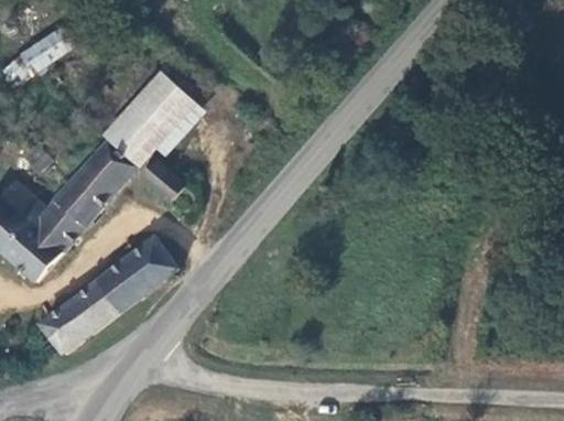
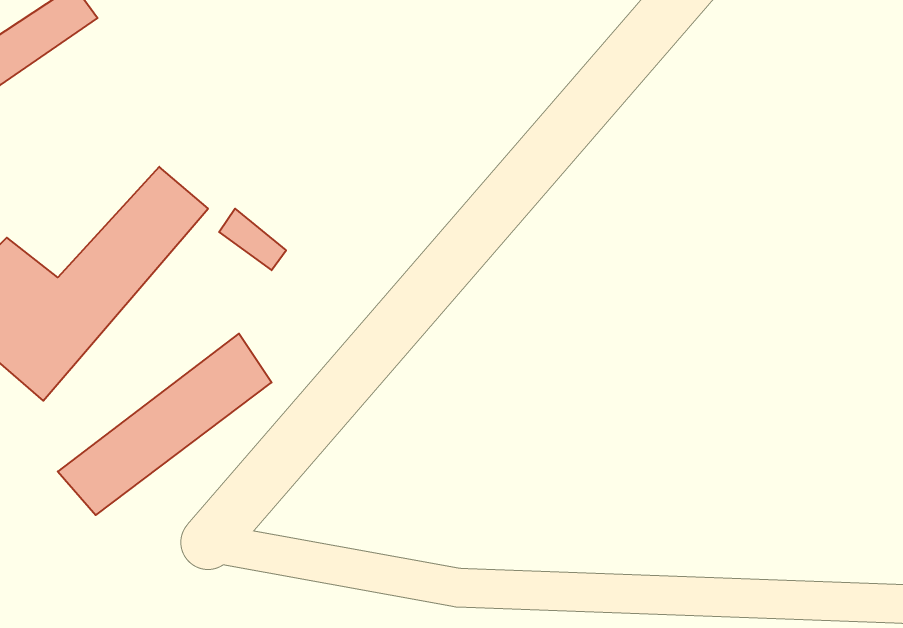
building: [105,73,192,163] -> none

